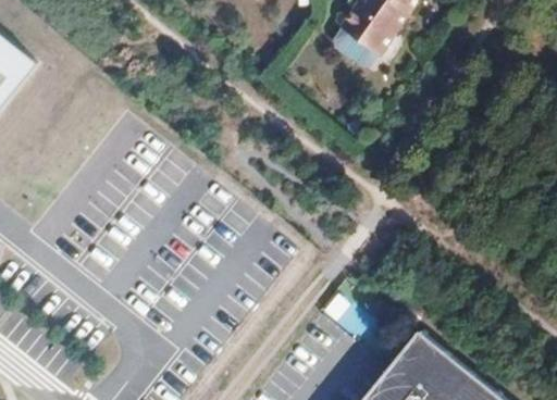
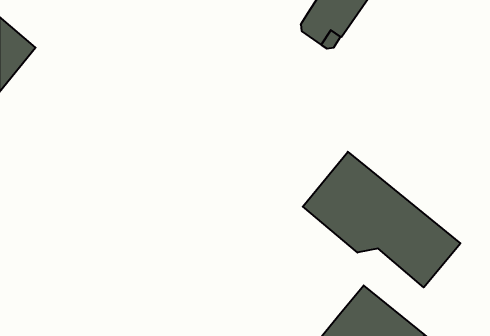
building: none -> [303,152,460,287]

